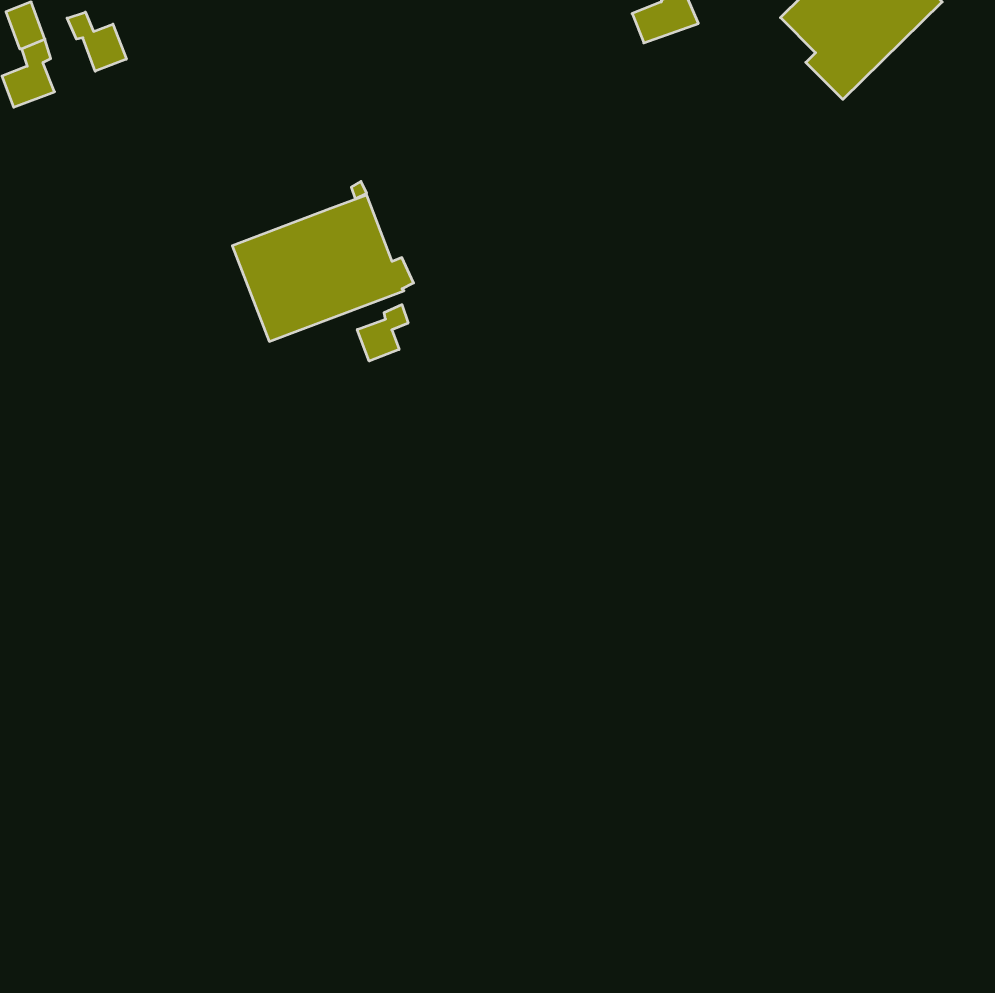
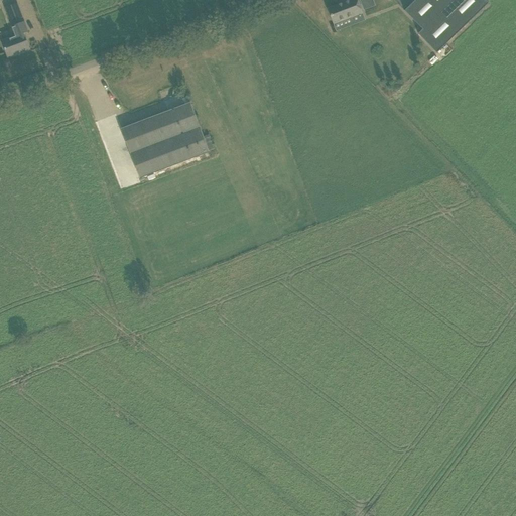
building: [67,12,126,71] -> none
building: [357,305,408,361] -> none

